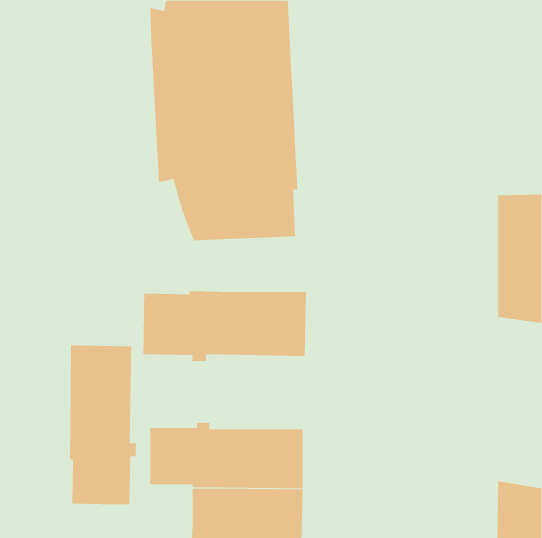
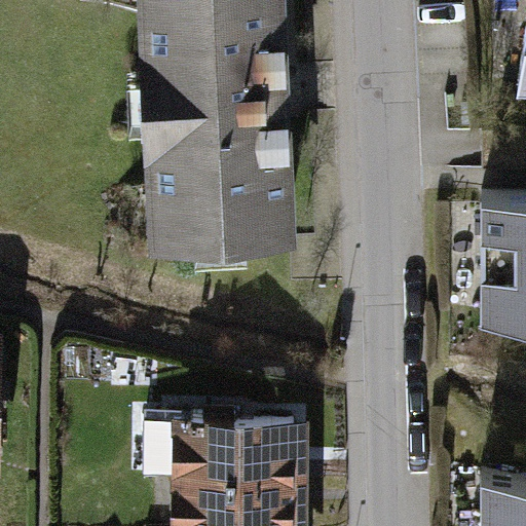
building: [143,290,306,362] -> none
building: [69,345,137,505] -> none

